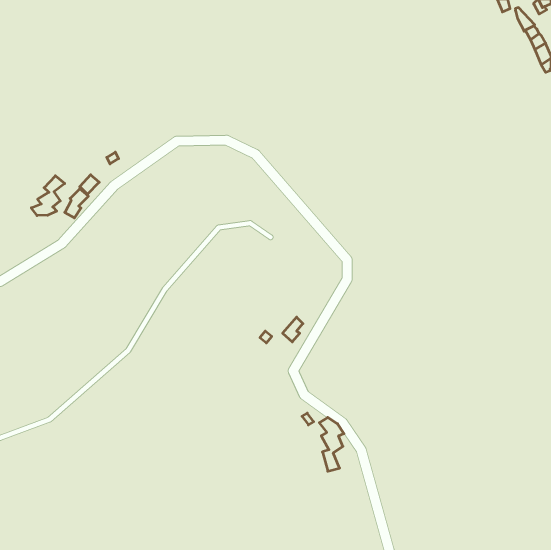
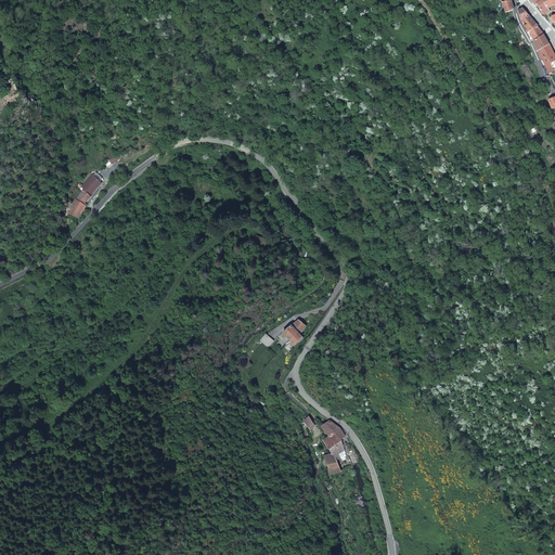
building: [31,176,65,216] -> none

